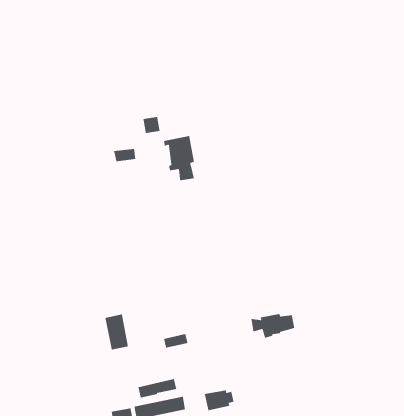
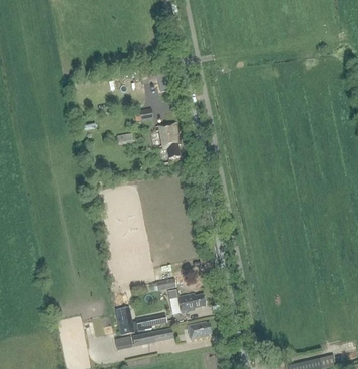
building: [250,313,295,339] -> [170,294,206,314]
building: [105,314,129,351] -> [115,307,134,336]

